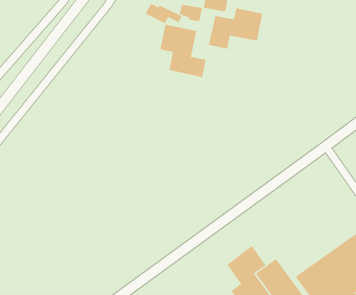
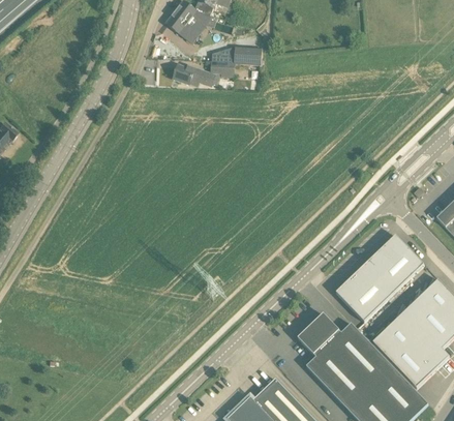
building: [208,8,263,49] -> none
building: [160,24,206,78] -> none
building: none -> [336,235,424,322]

